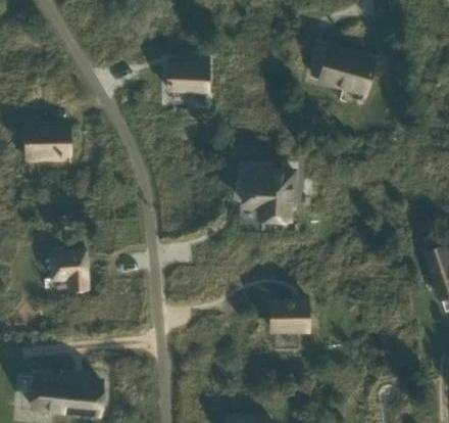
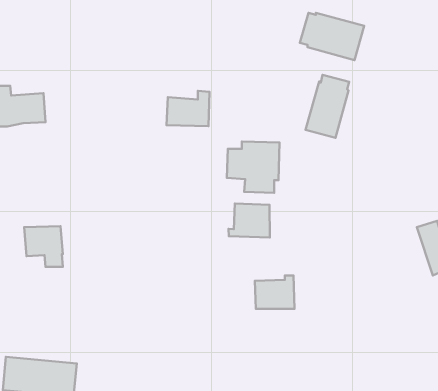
building: [168,60,209,94] -> [167,91,210,126]
building: none -> [306,75,349,138]
building: none -> [229,204,270,237]

